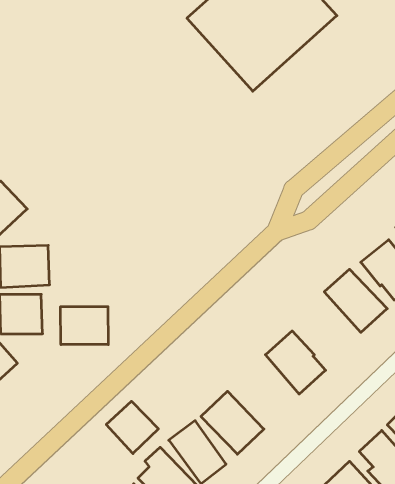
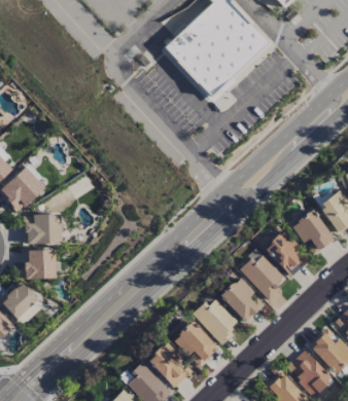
building: none -> [239,255,284,301]
building: [61,307,108,345] -> none
building: none -> [192,298,238,345]
building: [106,401,158,454] -> none

